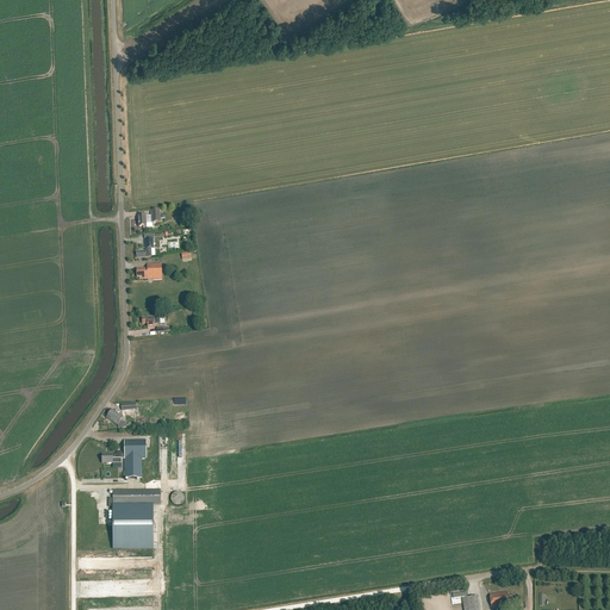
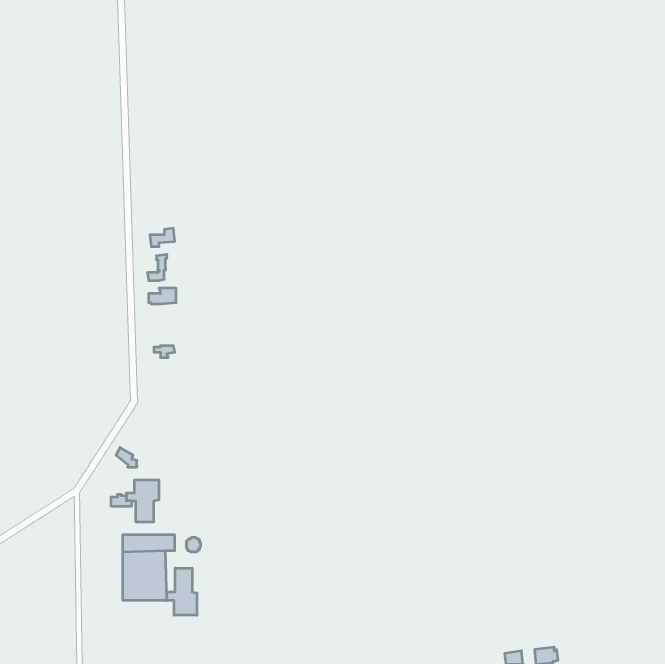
building: none -> [167,568,197,615]

